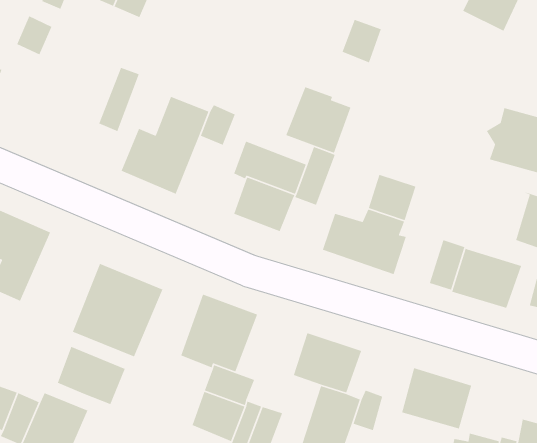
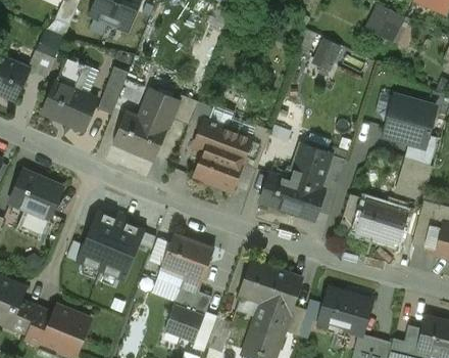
building: [342,19,382,63] -> [313,36,343,69]
building: none -> [42,56,97,130]
building: [285,86,352,154] -> none
building: [57,346,126,405] -> none

